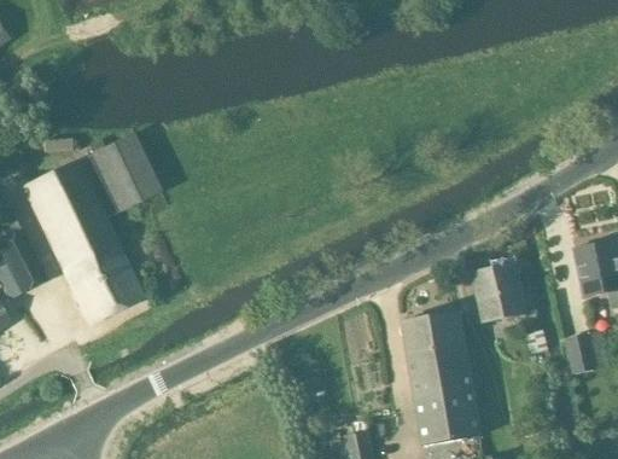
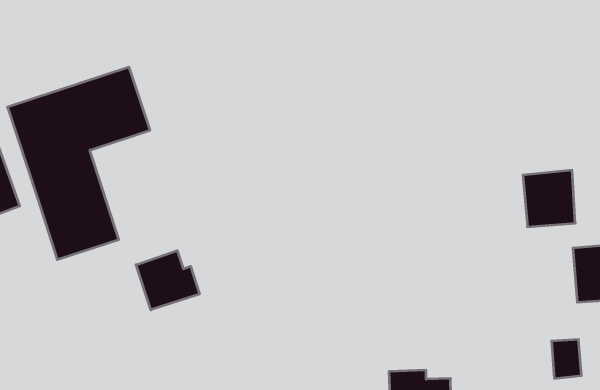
building: [471,262,526,321] -> [523,170,575,227]
building: none -> [136,251,199,310]
building: [402,310,473,391] -> none

